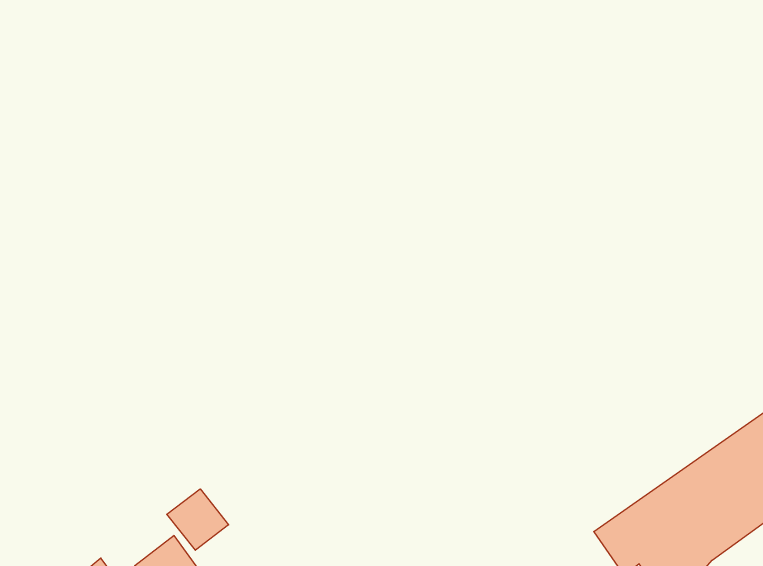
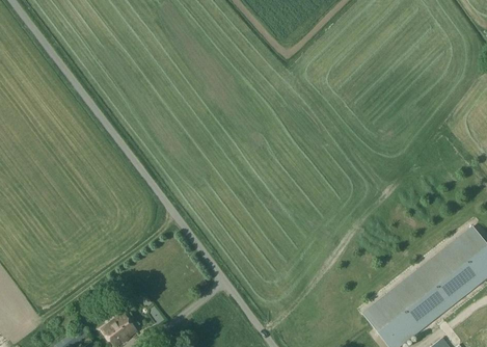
building: [167,489,229,550] -> none

